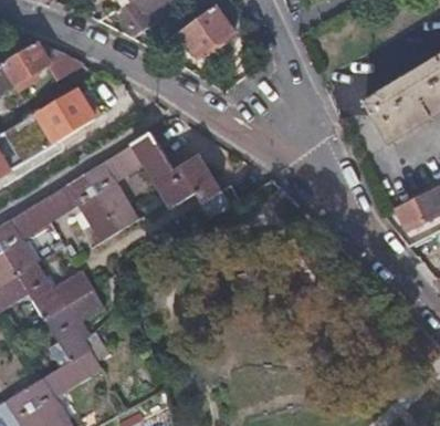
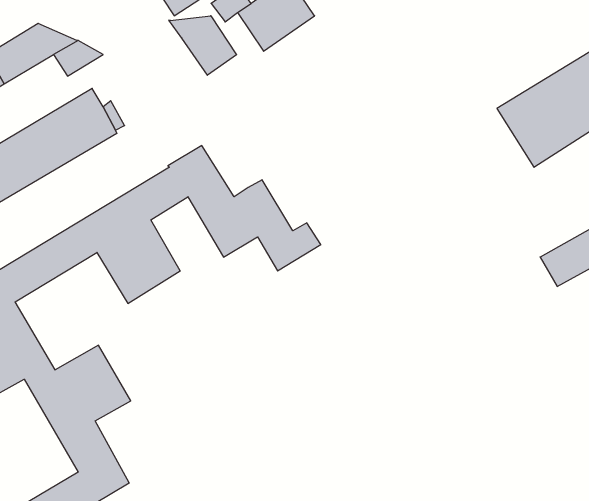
building: none -> [169,16,237,75]

